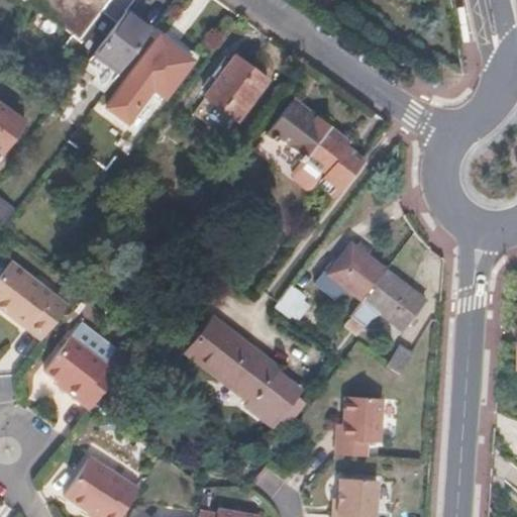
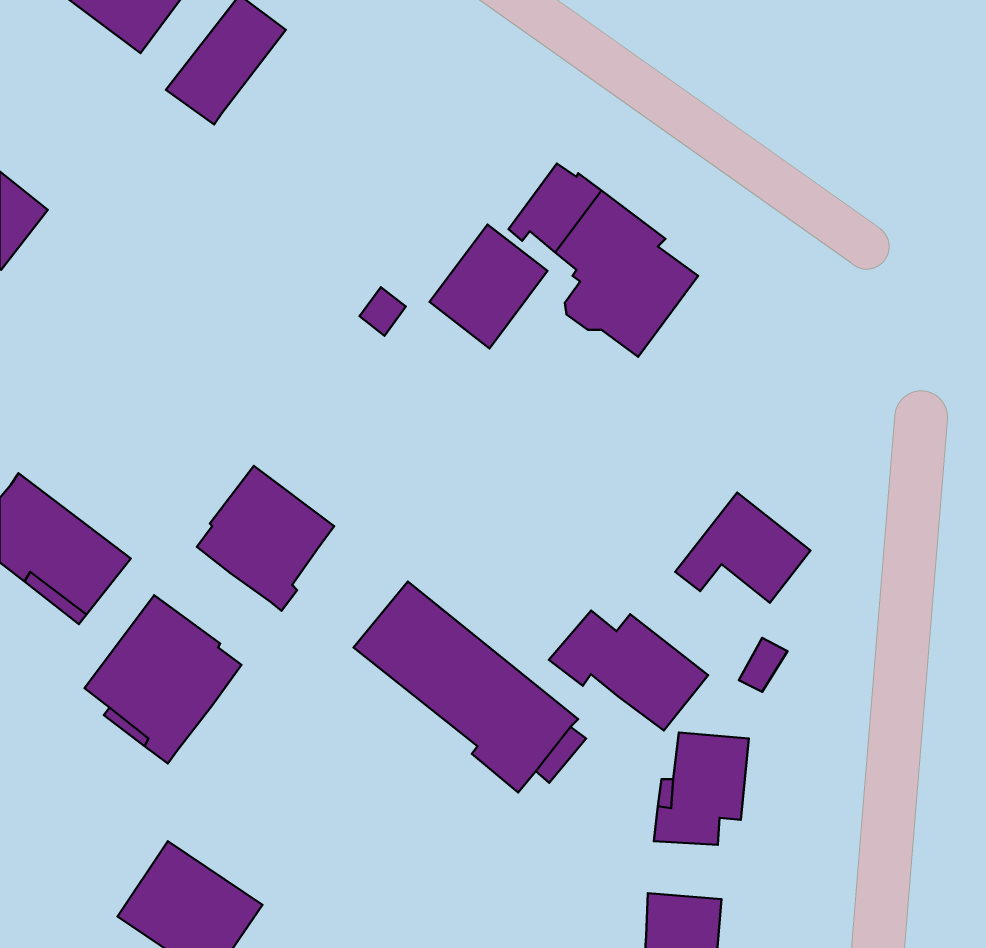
building: [107,37,192,121] -> none
building: [204,54,266,118] -> [429,225,548,348]
building: [330,244,384,297] -> none
building: none -> [197,466,334,611]
building: none -> [549,610,708,730]

